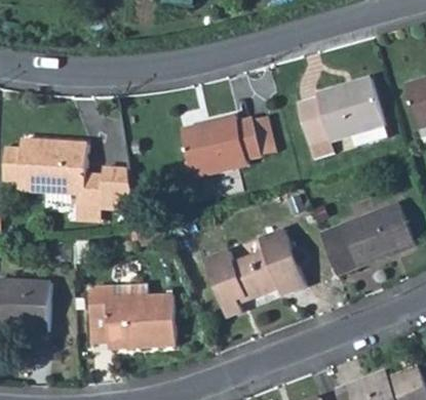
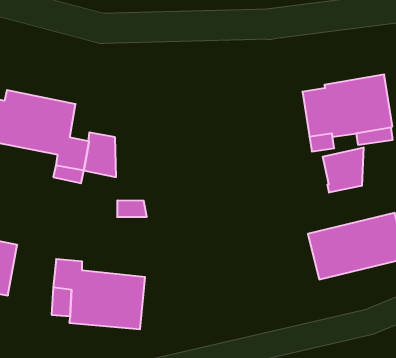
building: [180,116,261,176] -> none
building: none -> [323,147,364,193]
building: [202,229,306,316] -> none

